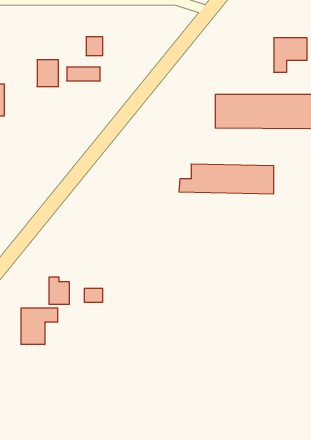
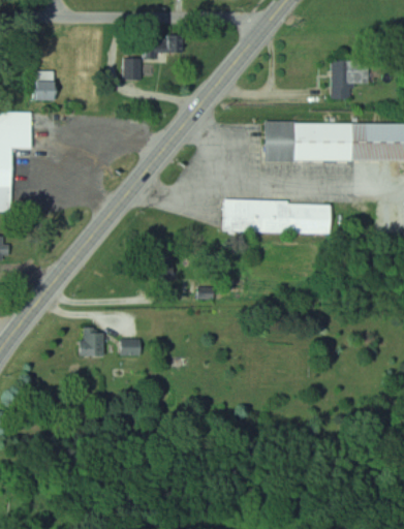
building: [37,60,58,87] -> [33,71,57,101]
building: [67,67,100,81] -> [144,37,181,53]
building: [21,308,58,345] -> none

